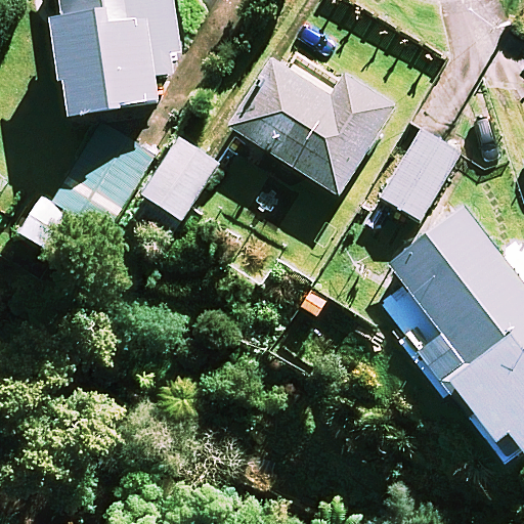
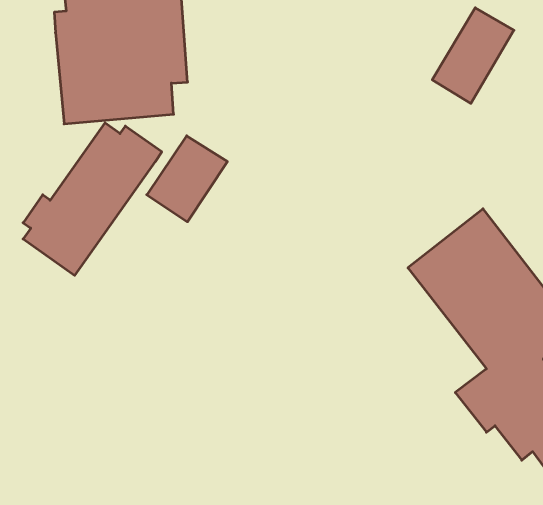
building: [188,39,394,193] -> none
building: [383,127,461,218] -> [432,8,514,103]

